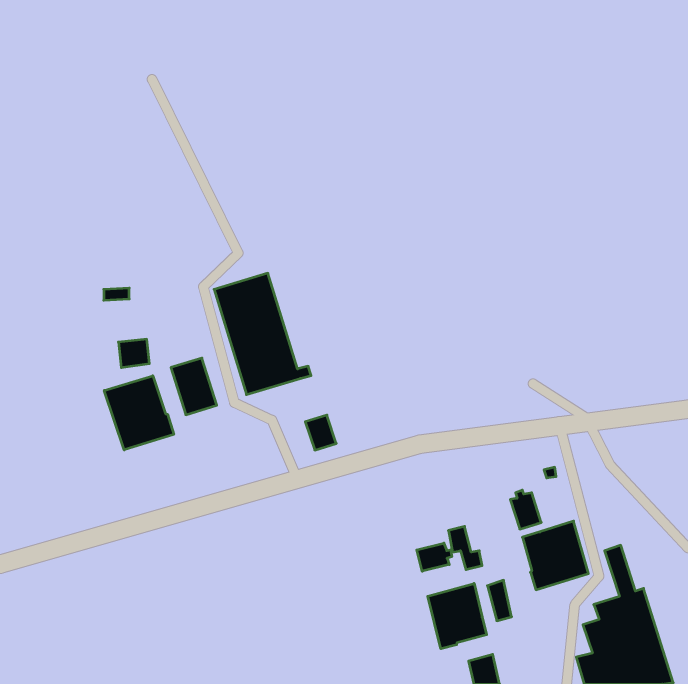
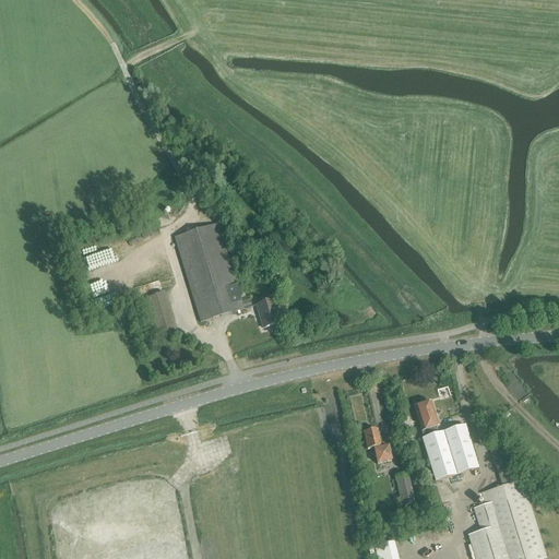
building: [104,376,174,450] -> none
building: [305,415,336,450] -> [255,298,281,326]
building: [417,543,452,571] -> none
building: [428,583,487,649] -> none

